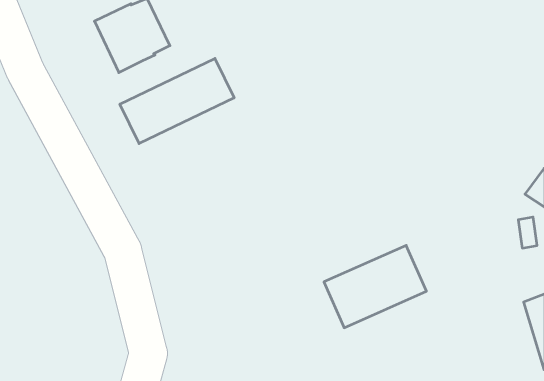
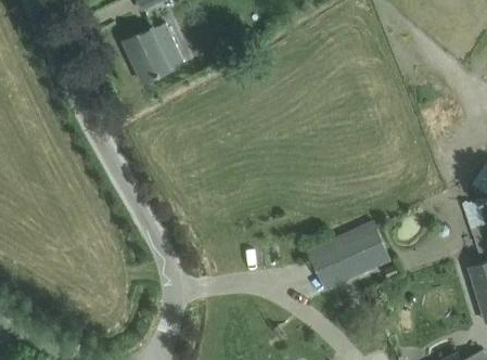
building: [120,58,234,144] -> none

